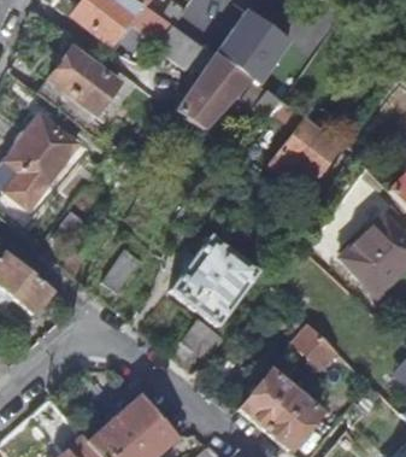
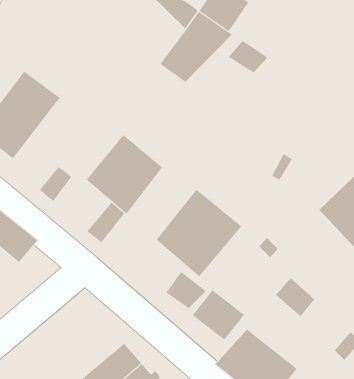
building: [37,48,134,127] -> none
building: [280,118,341,182] -> none
building: none -> [86,134,163,215]
building: none -> [192,289,245,340]

